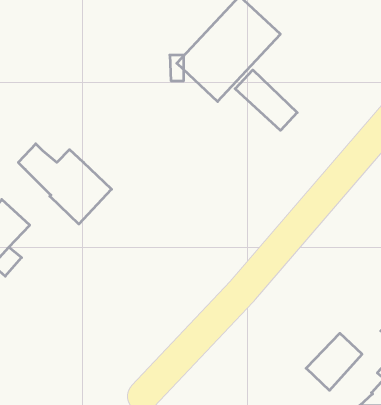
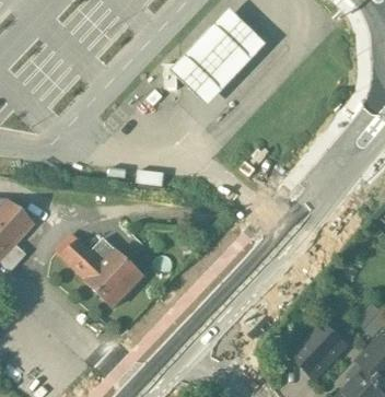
building: [235,70,297,130] -> none
building: [18,144,112,224] -> [55,231,142,306]

